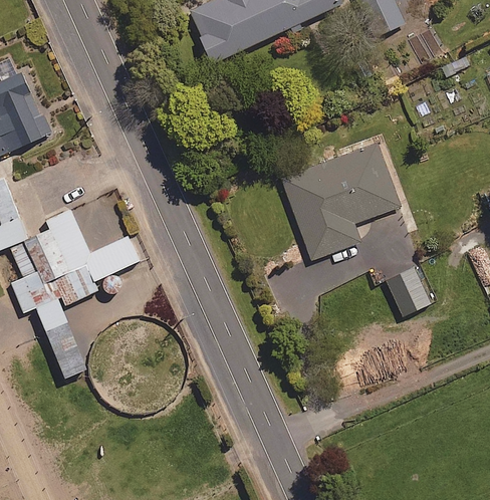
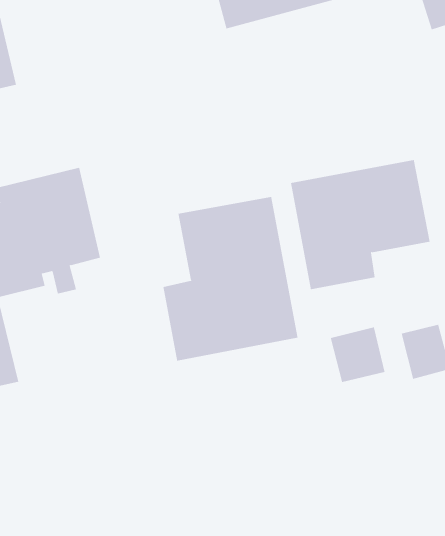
building: none -> [163,196,298,361]
building: none -> [330,326,385,383]

